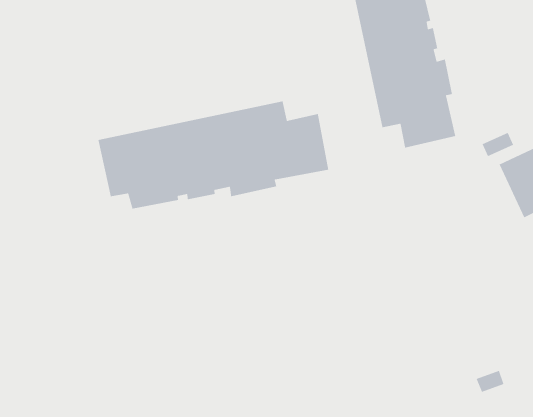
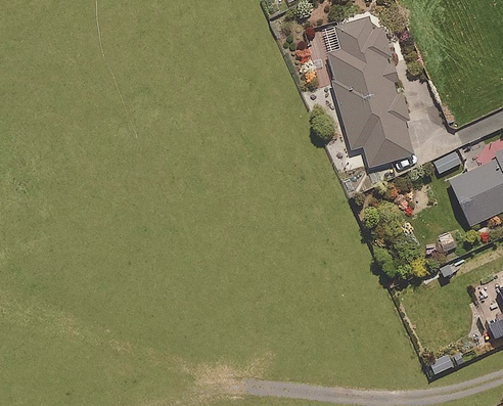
building: [98,101,329,210] -> none

